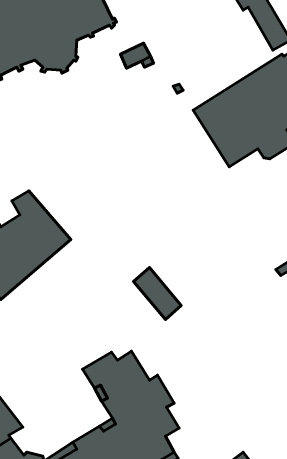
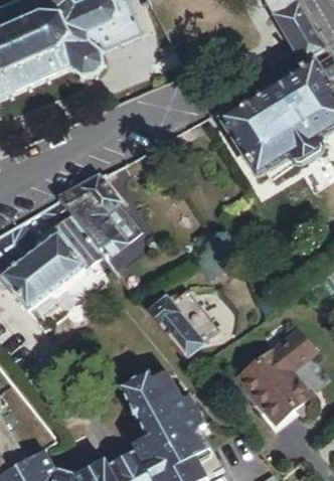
building: none -> [59,181,152,273]
building: none -> [145,290,197,347]
building: none -> [241,326,315,414]

